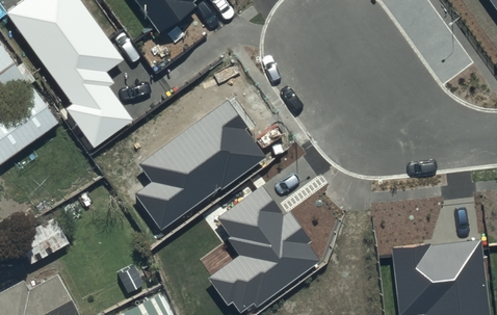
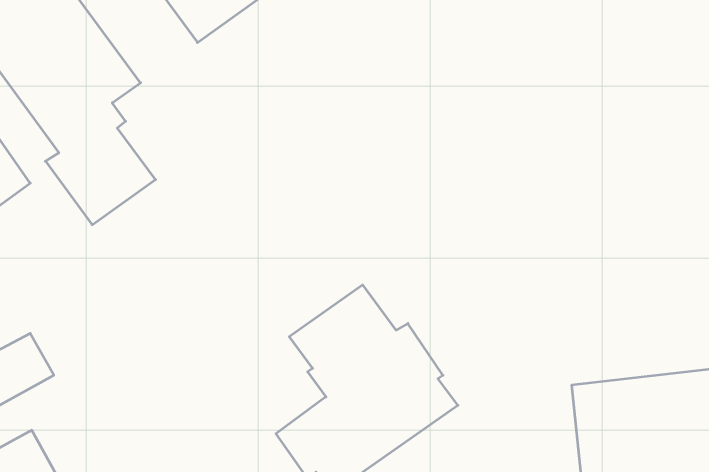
building: [135,101,269,231] -> none

